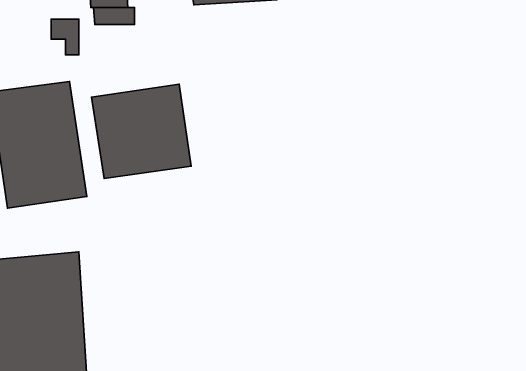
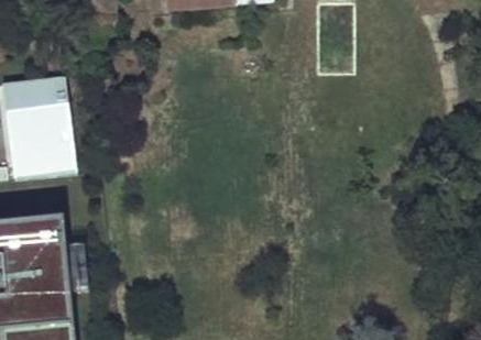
building: [91,84,191,179] -> none

